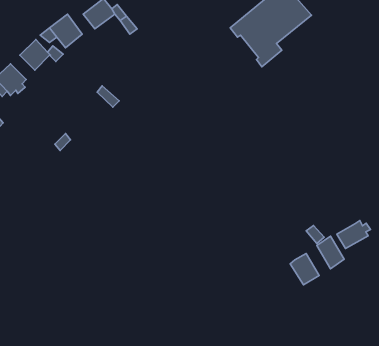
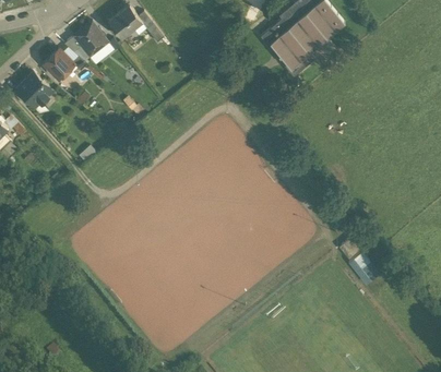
building: [337,221,370,249] -> none
building: [290,253,319,285] -> none

